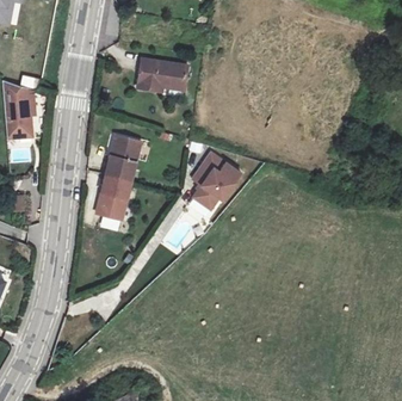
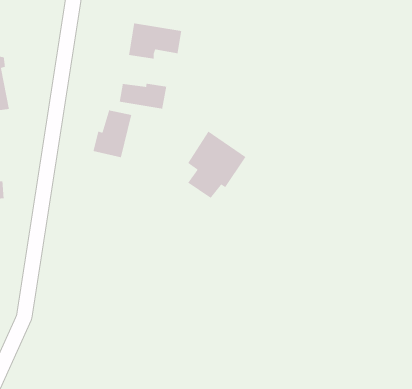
building: none -> [119,83,167,110]
building: [99,168,131,214] -> none

